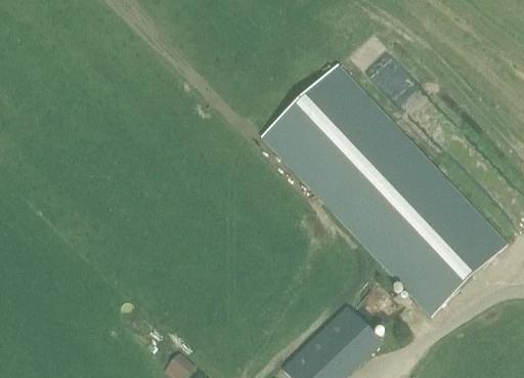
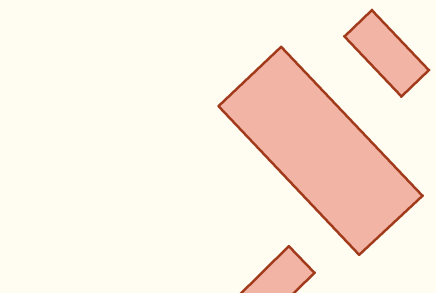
building: none -> [344,10,429,97]

